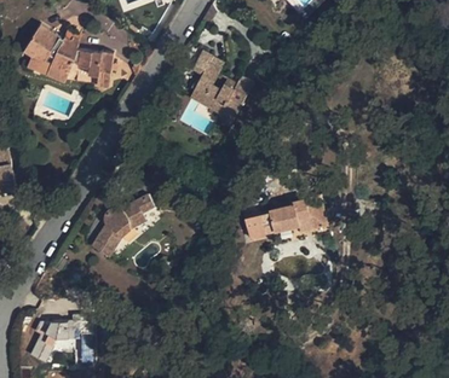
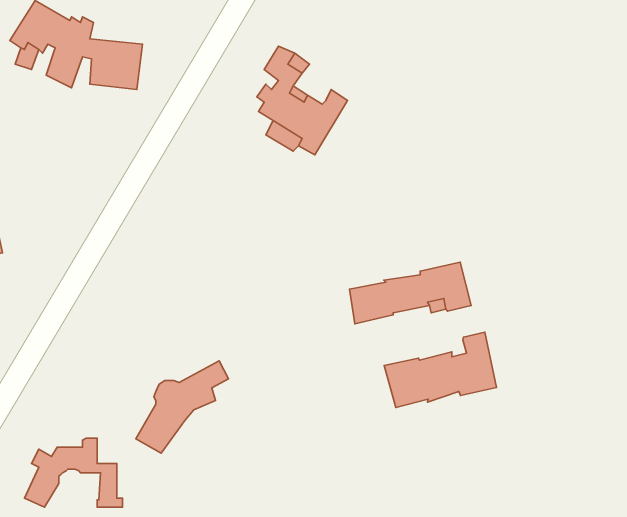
building: [92,193,154,255] -> [136,361,228,453]
building: none -> [384,332,496,408]

